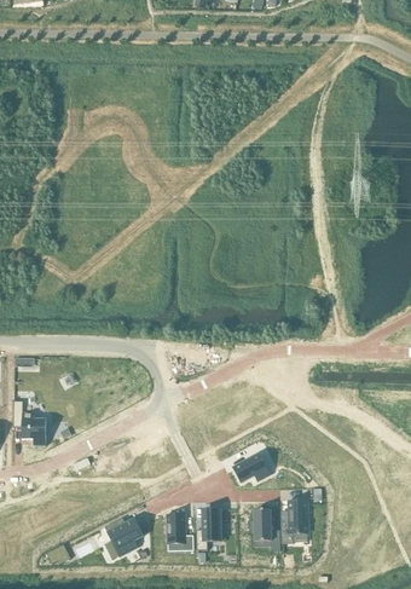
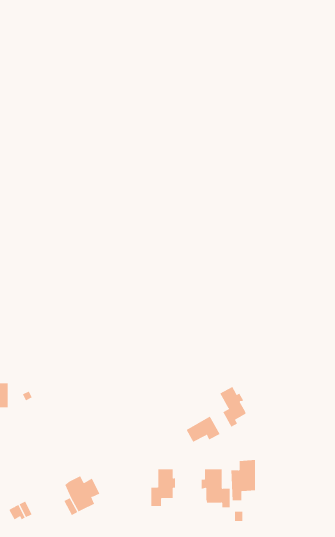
building: none -> [220,386,246,427]
building: [167,513,193,549] -> none

